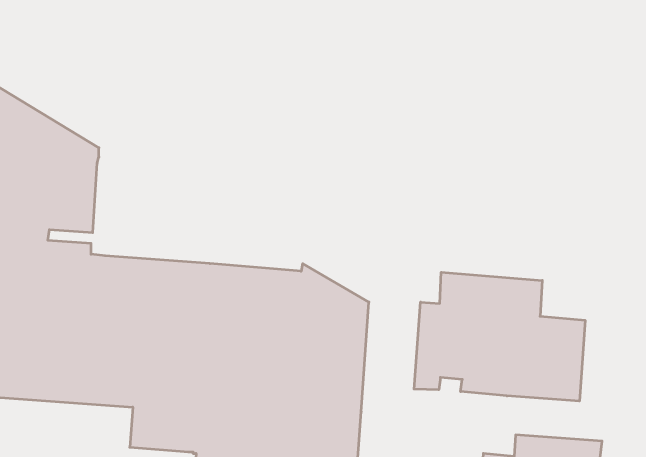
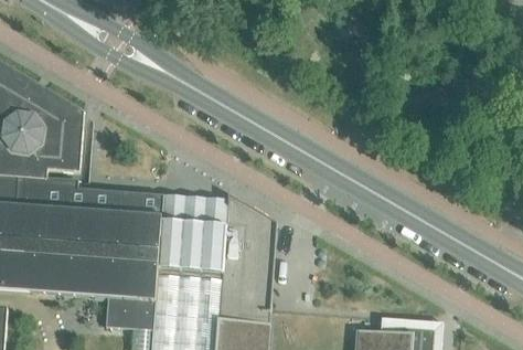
building: [414,272,585,401] -> none

